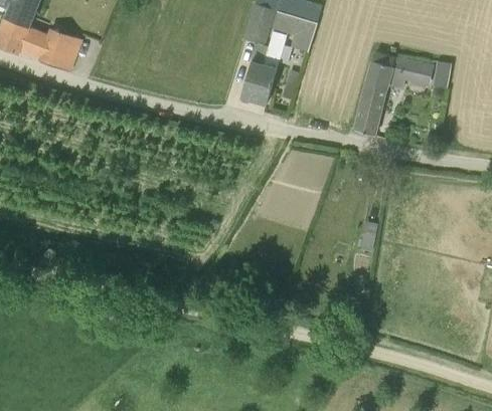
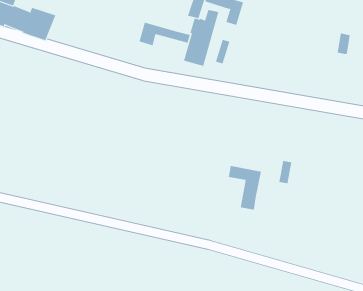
building: none -> [139,22,190,46]
building: [354,53,431,136] -> none
building: none -> [228,165,261,211]

